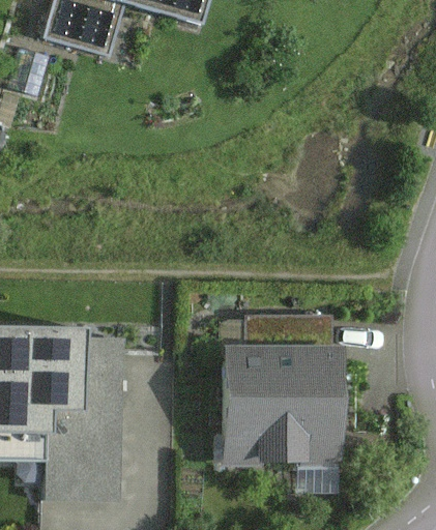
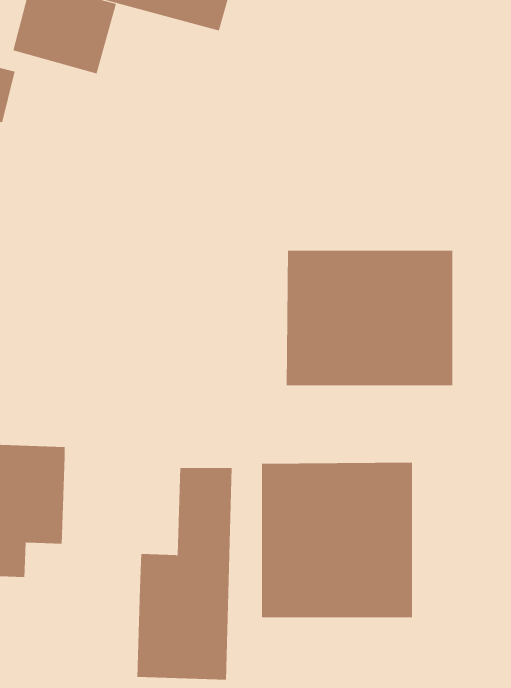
building: none -> [286,250,453,386]
building: [51,341,122,499] -> [136,467,232,680]

